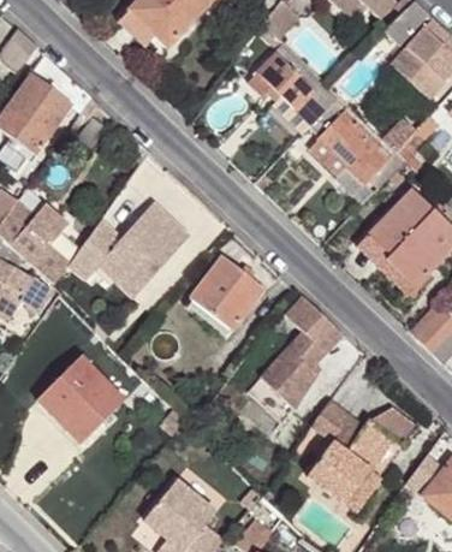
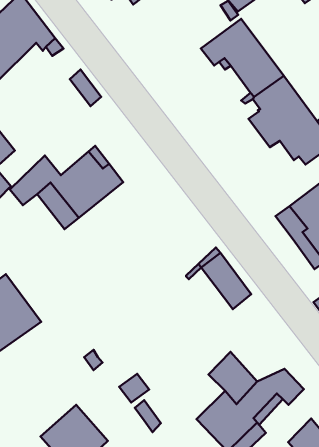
building: [184,256,264,338] -> none
building: [248,331,326,422] -> none

